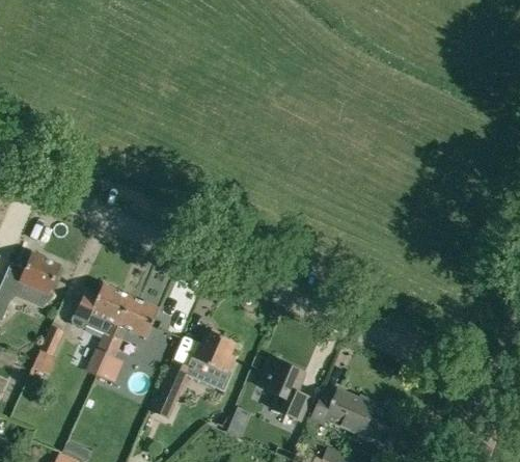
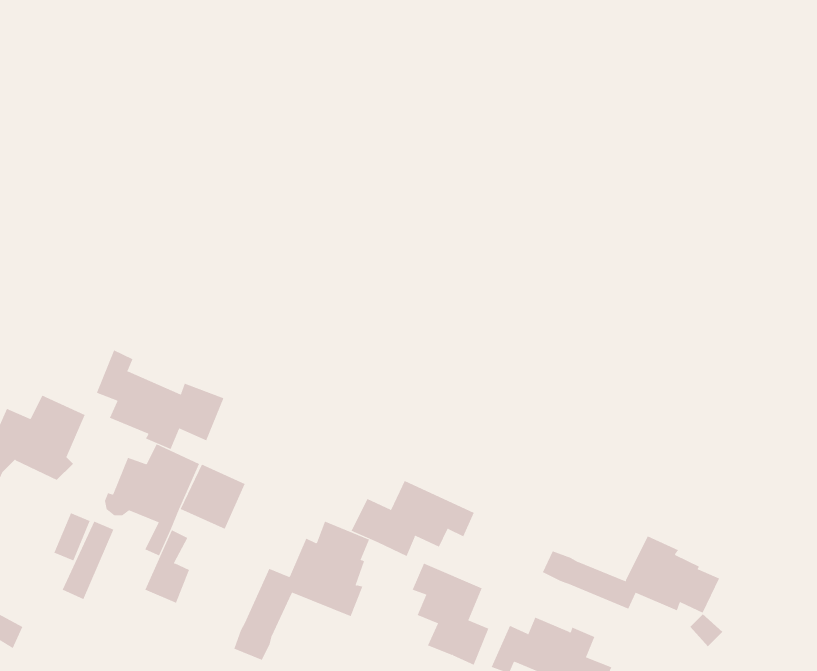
building: none -> [96,350,224,450]
building: none -> [351,480,474,557]
building: none -> [542,535,720,613]

